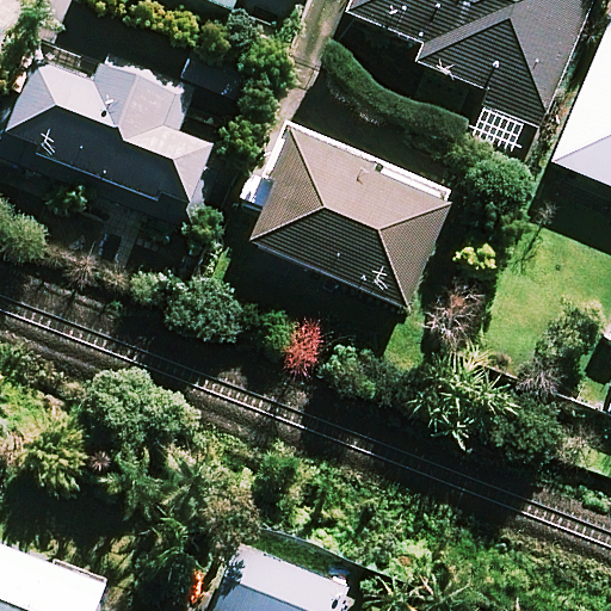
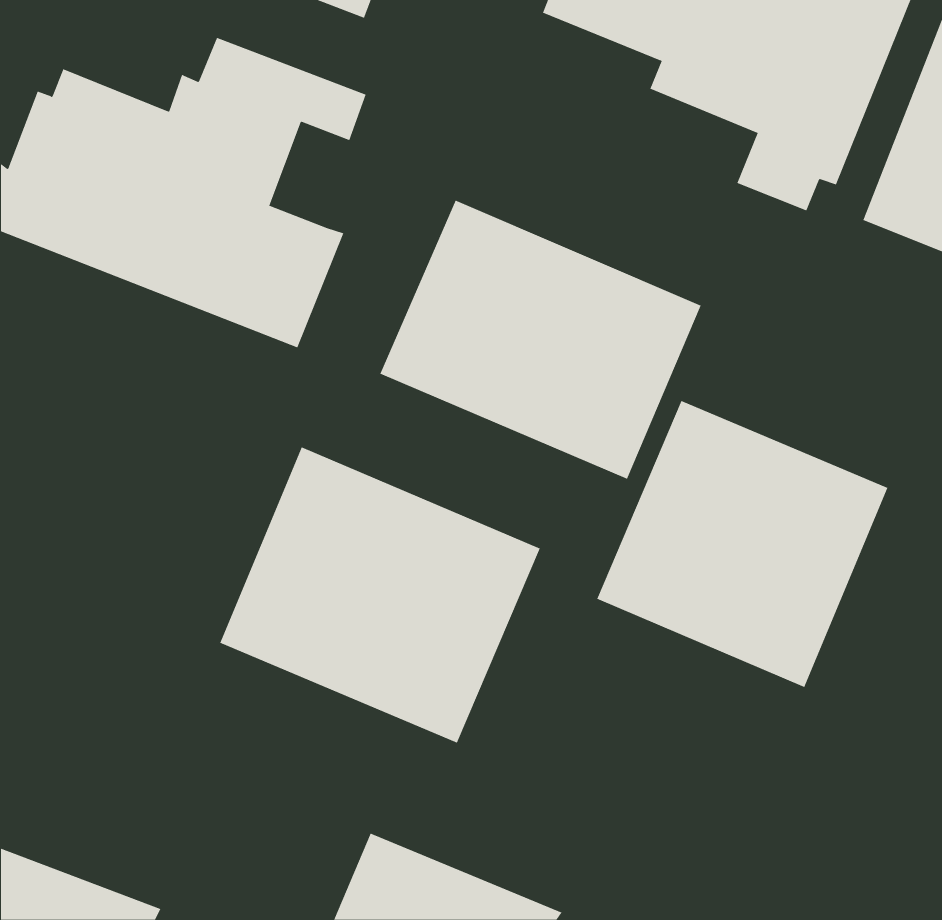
building: none -> [597,400,888,688]
building: none -> [219,447,540,744]

